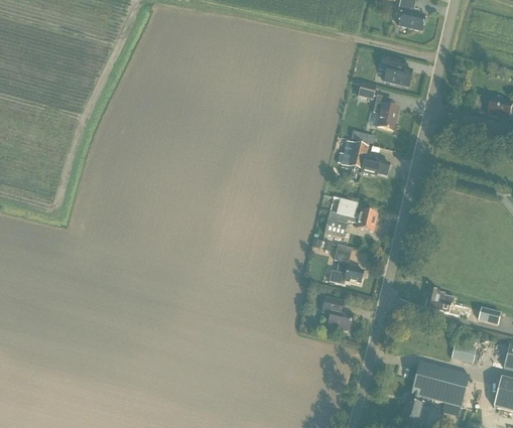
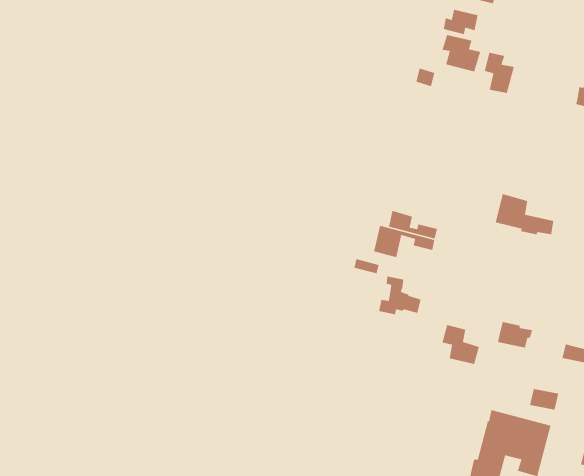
building: none -> [443,9,478,35]
building: [373,94,398,128] -> [484,52,515,94]
building: [341,139,389,173] -> [495,193,554,235]
building: [322,295,353,328] -> [441,324,480,365]

